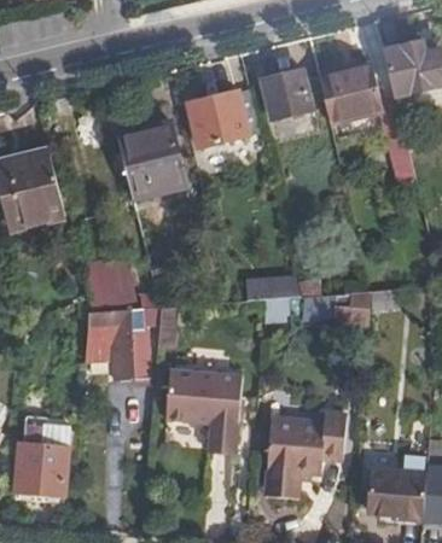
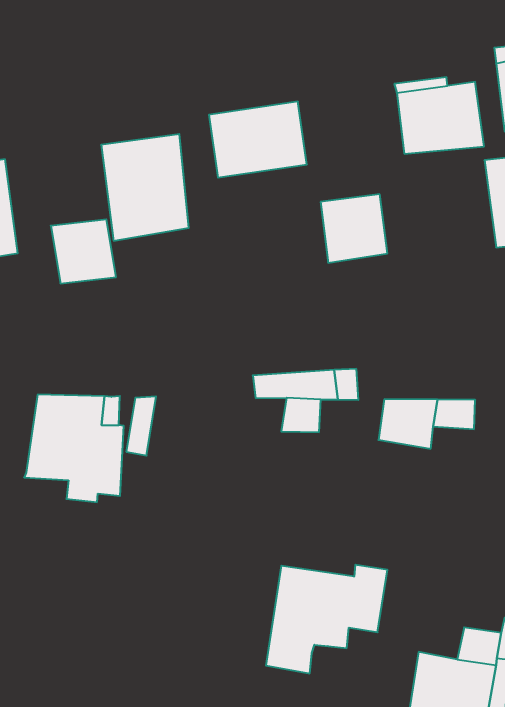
building: [260,69,310,121] -> [321,194,387,263]
building: [85,256,134,304] -> [51,219,116,283]
building: [163,369,239,454] -> none

